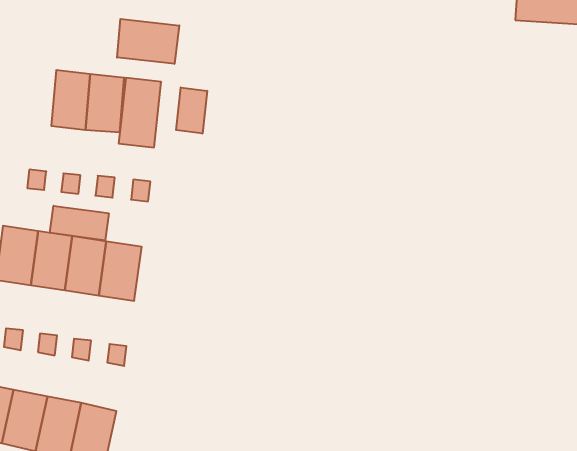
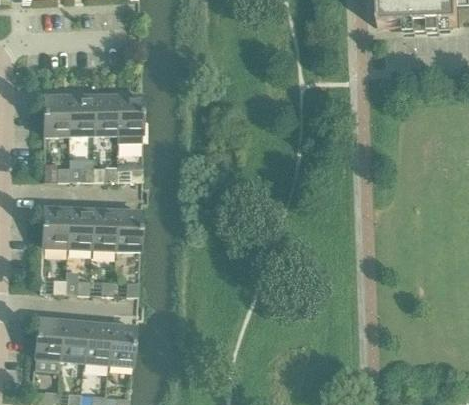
building: [117,19,179,64] -> none
building: none -> [43,96,69,135]
building: [176,87,207,134] -> none
building: [50,206,109,240] -> none

